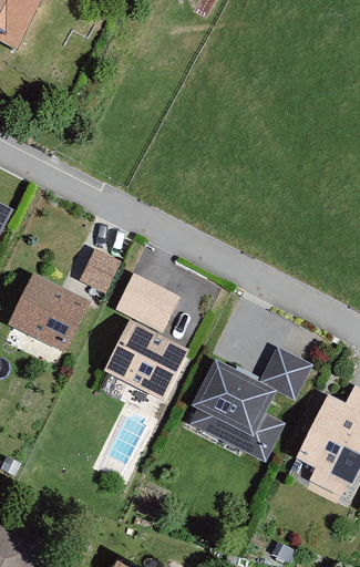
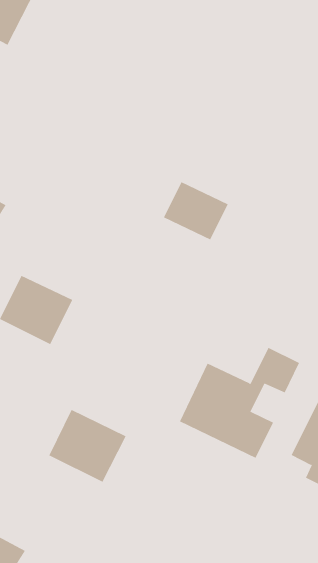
building: [76,247,120,292] -> none
building: [114,274,178,331] -> [163,182,229,240]
building: [106,324,183,396] -> [49,409,126,482]

